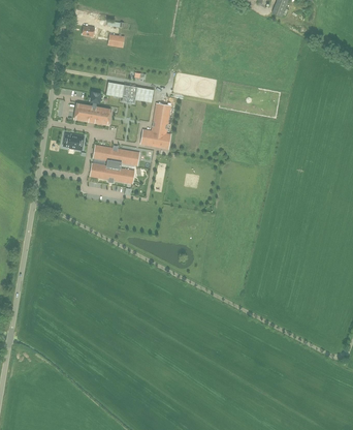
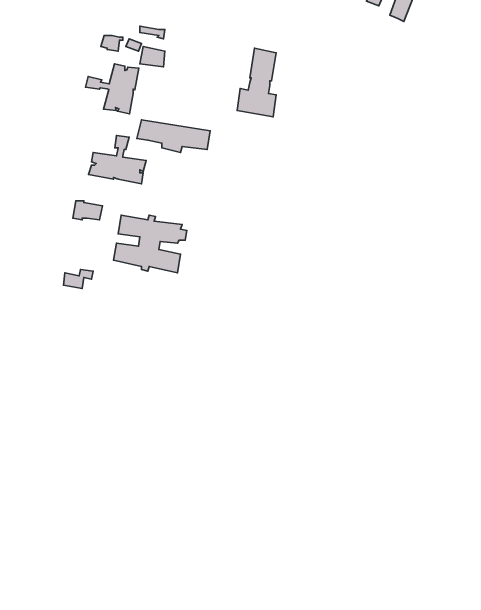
building: none -> [85,64,139,114]
building: [145,102,170,148] -> [237,48,276,117]

